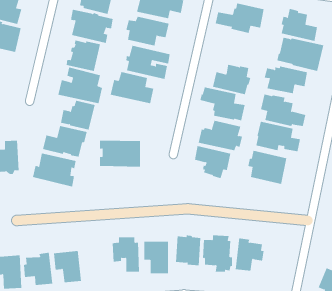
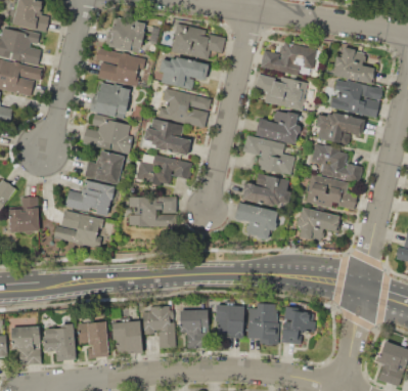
building: none -> [256,74,308,108]
building: none -> [133,154,192,187]
building: none -> [111,320,144,353]

